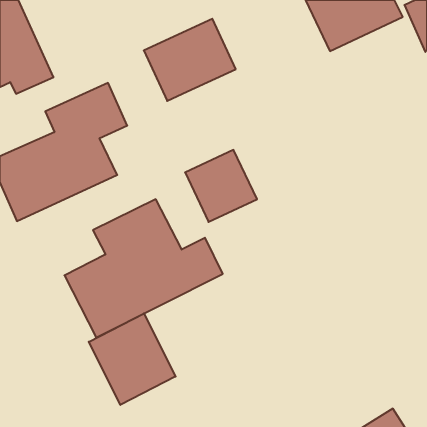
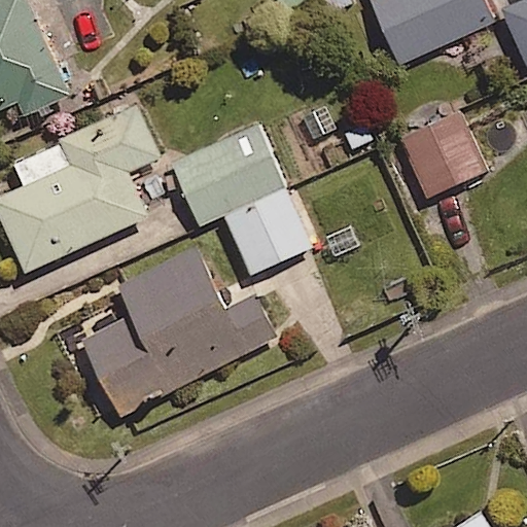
building: [144,19,236,101] -> [174,124,287,224]
building: none -> [407,116,488,197]
building: [89,313,176,405] -> none

